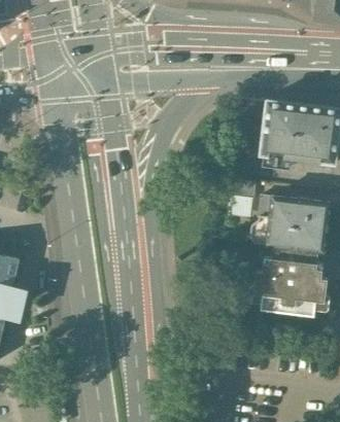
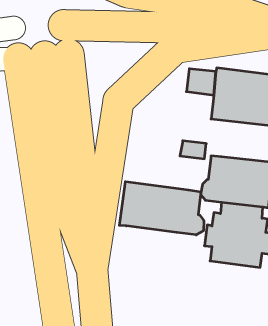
building: none -> [119,182,204,235]

